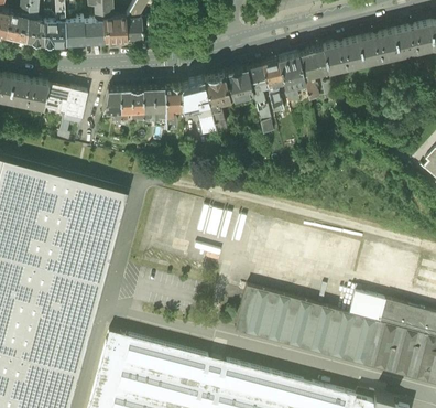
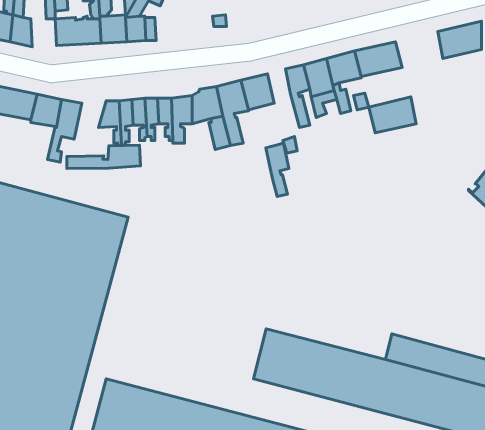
building: [43,20,65,44] -> none
building: [357,31,397,62] -> [369,97,416,133]
building: [247,63,266,109] -> [266,143,289,197]
building: none -> [67,145,141,168]

